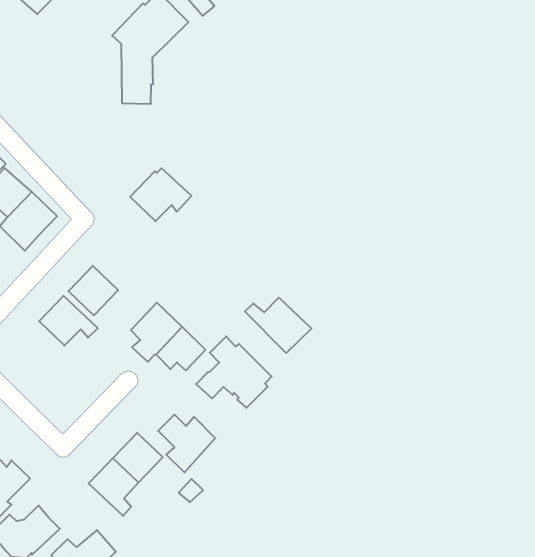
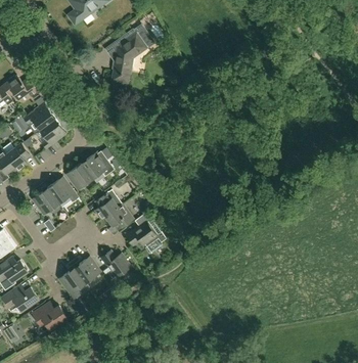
building: [130,168,191,221] -> [81,150,114,178]
building: [245,298,311,353] -> none
building: none -> [32,186,59,214]

